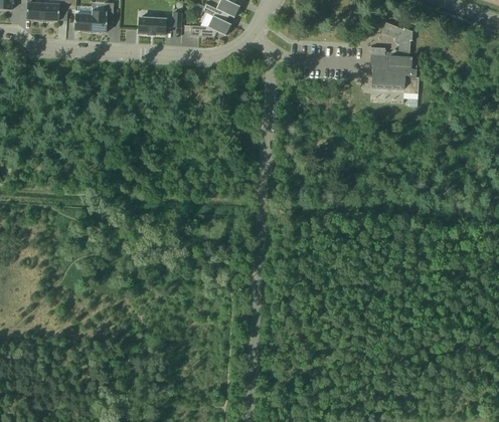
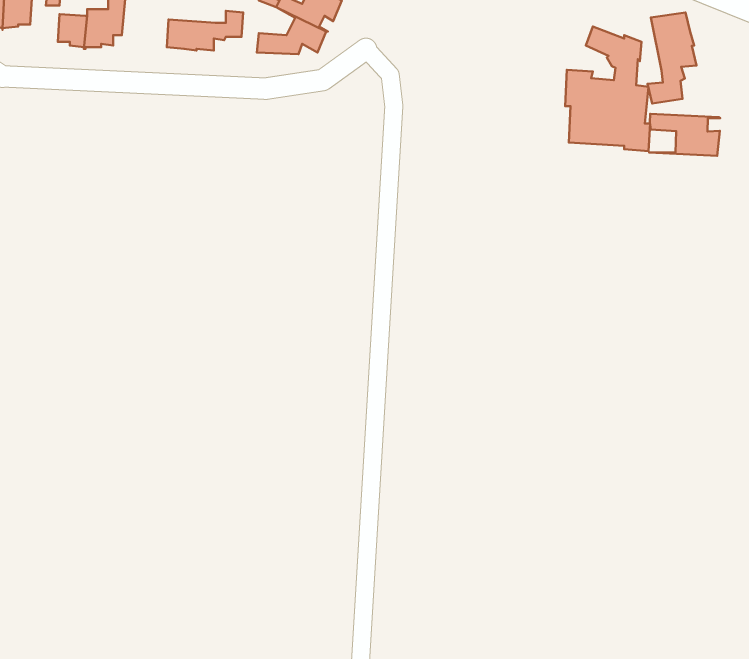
building: none -> [648,12,696,103]
building: none -> [649,114,720,156]

